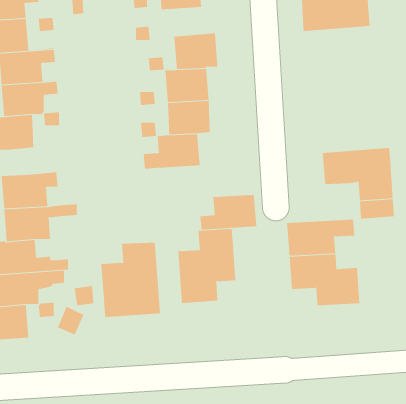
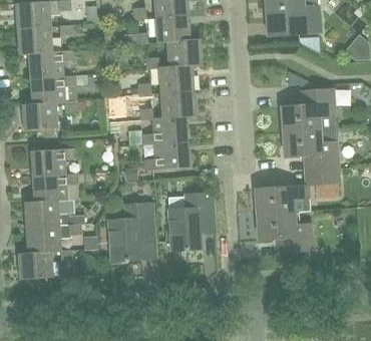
building: none -> [155,17,190,41]
building: none -> [280,87,335,131]
building: [200,194,257,230] -> [143,141,189,169]

